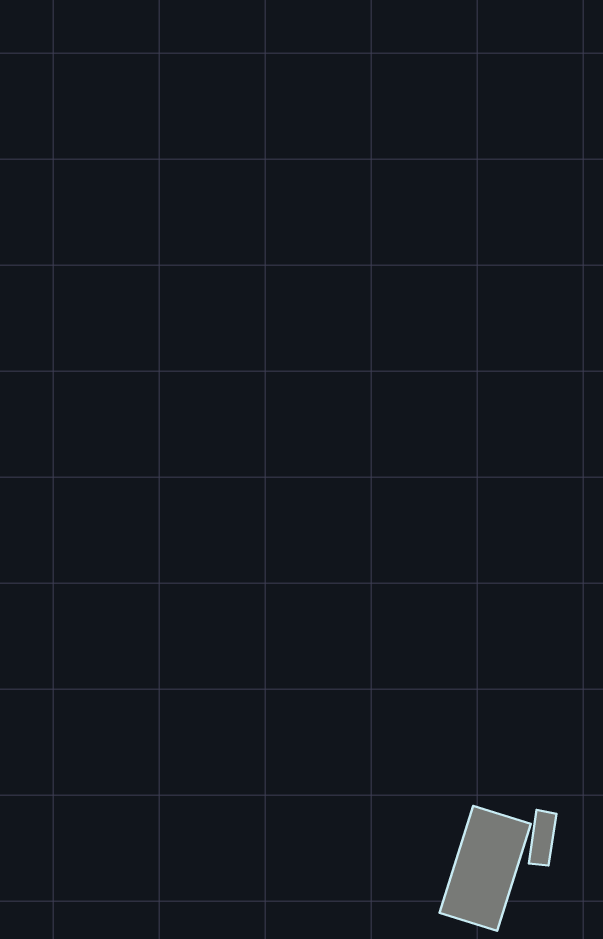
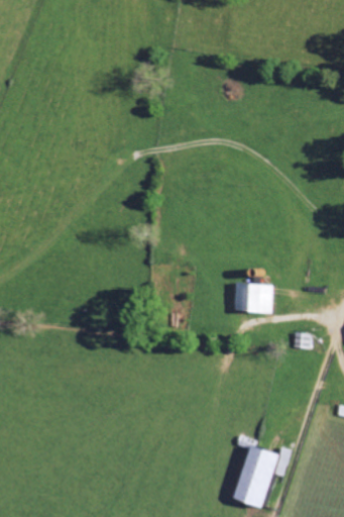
building: none -> [235,282,273,311]

